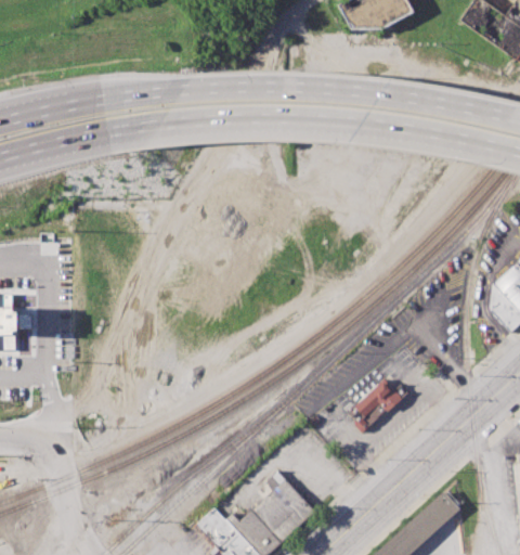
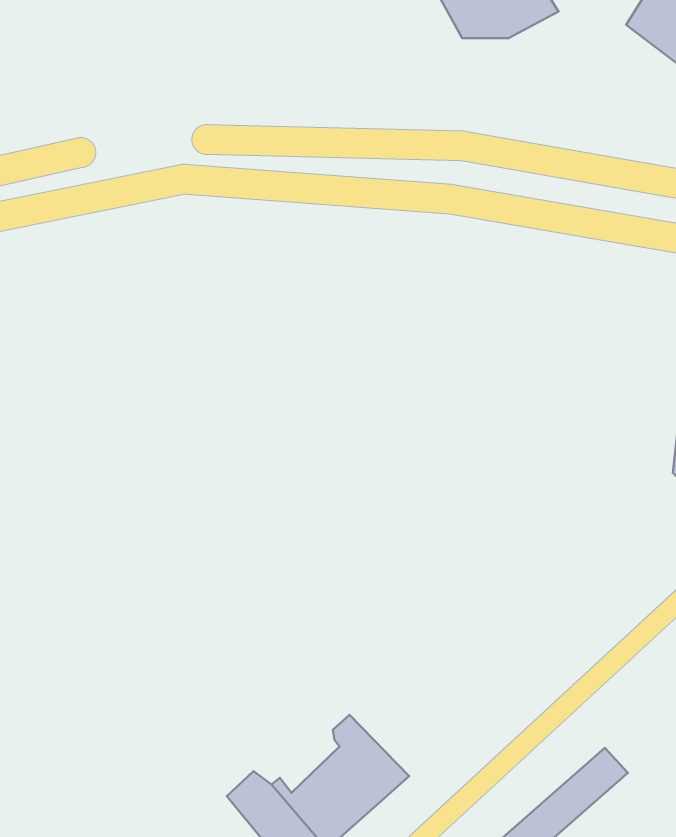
building: [348,380,404,434] -> none

